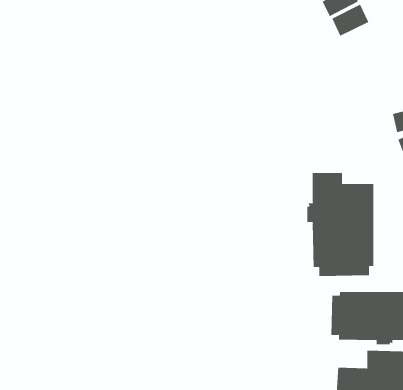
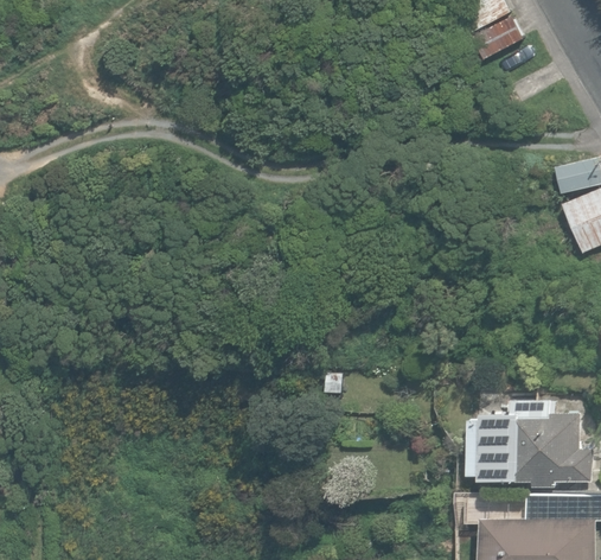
building: [307,172,374,277] -> none

